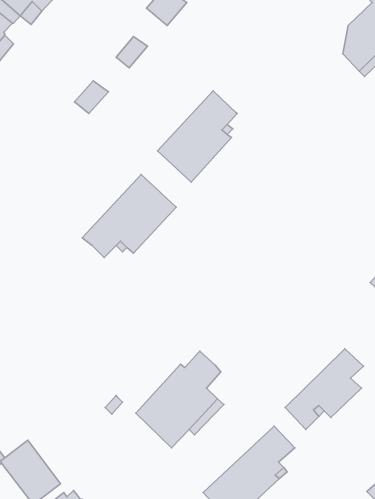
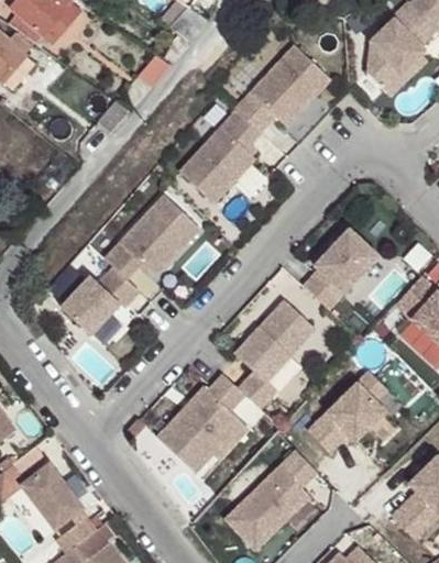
building: none -> [234,45,330,132]
building: none -> [303,228,377,308]
building: none -> [61,266,139,334]
building: none -> [234,299,315,408]

